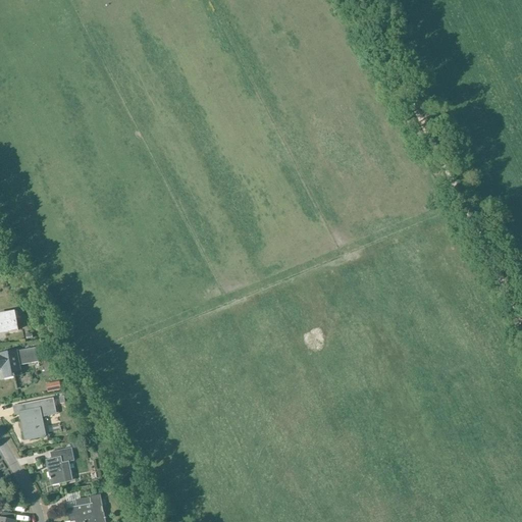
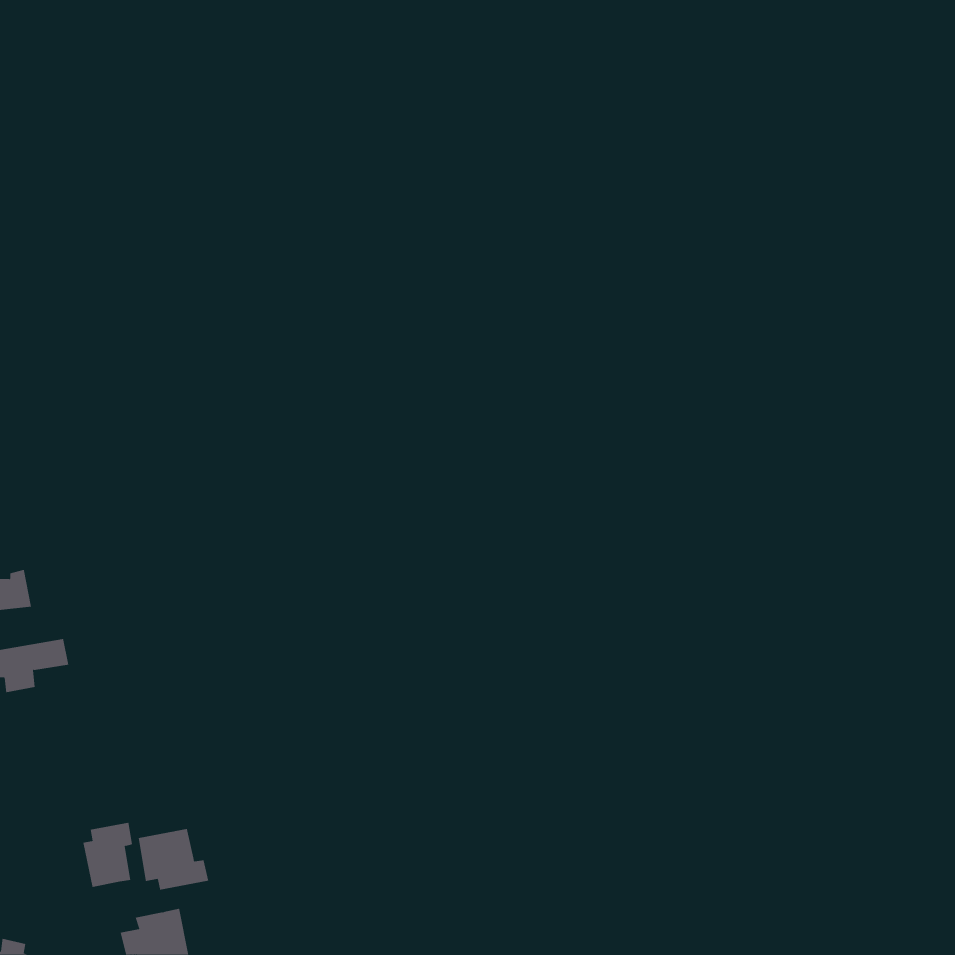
building: [20,398,55,439] -> none
building: none -> [138,828,209,891]

